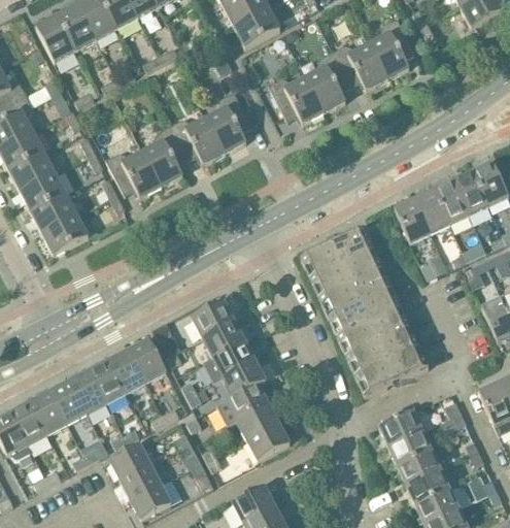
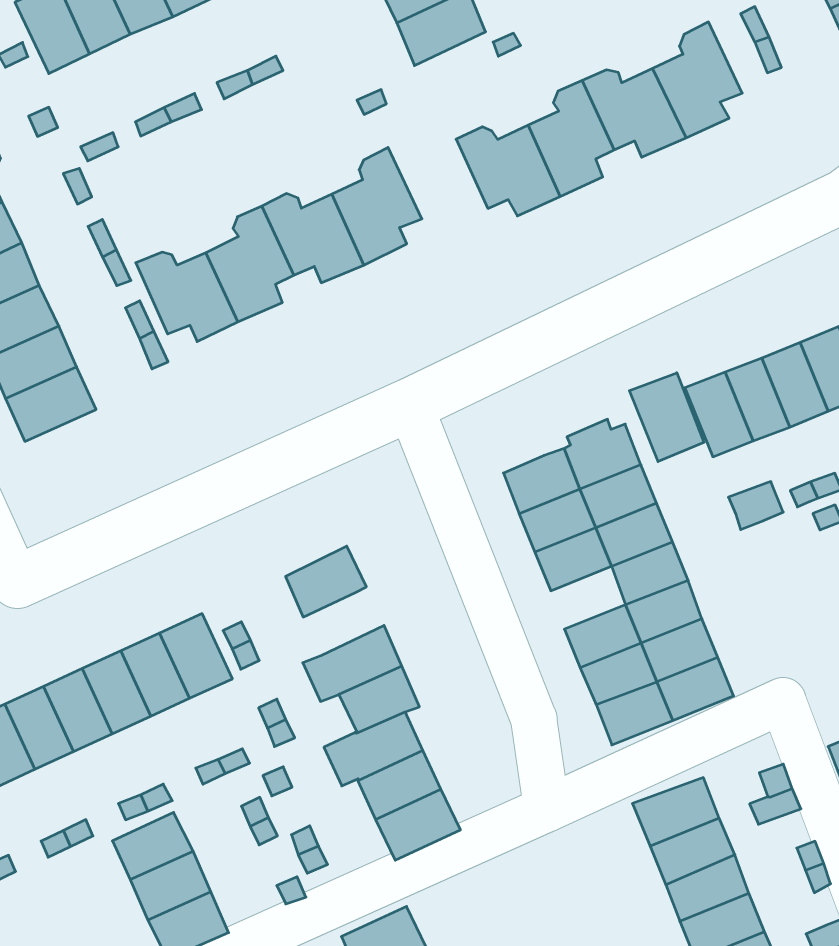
building: none -> [629,373,704,462]
building: [330,302,369,336] -> none
building: [202,320,244,357] -> none

